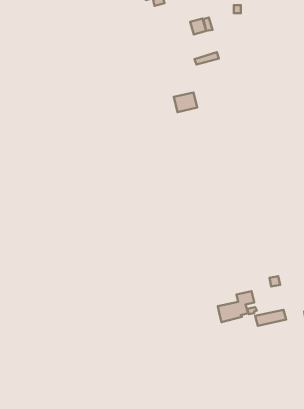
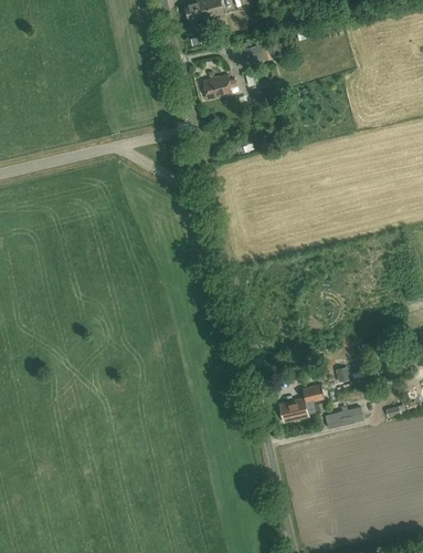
building: [174,93,197,112] -> [203,74,232,98]

